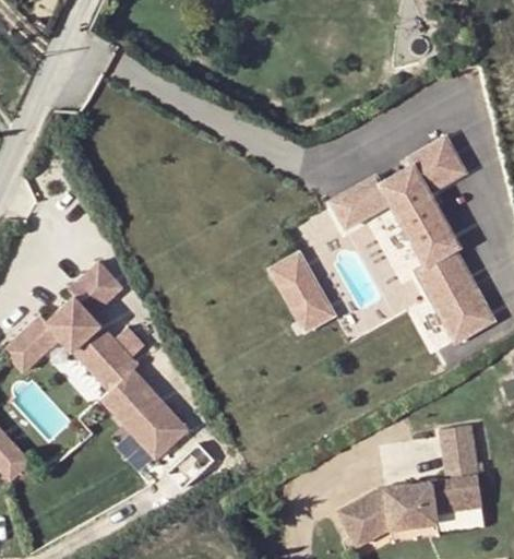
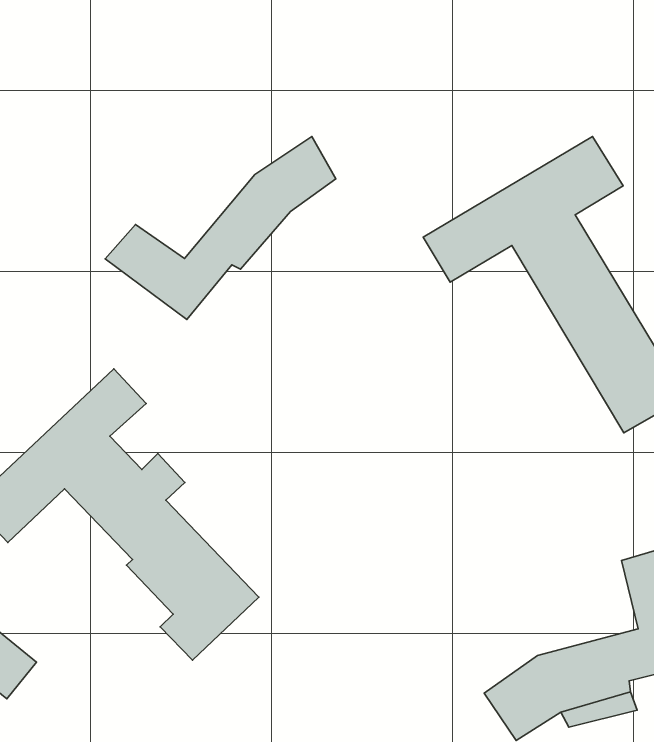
building: none -> [105,137,336,319]
building: [266,248,336,333] -> none

